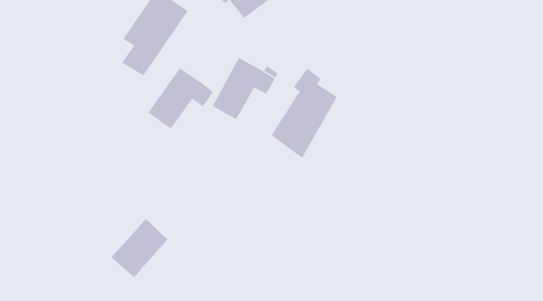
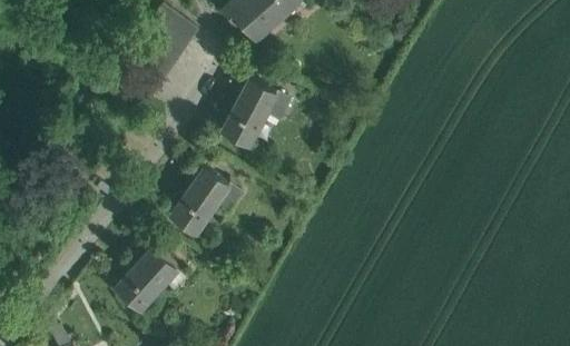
building: [148,68,214,129] -> [170,169,239,234]
building: [271,68,337,159] -> none

